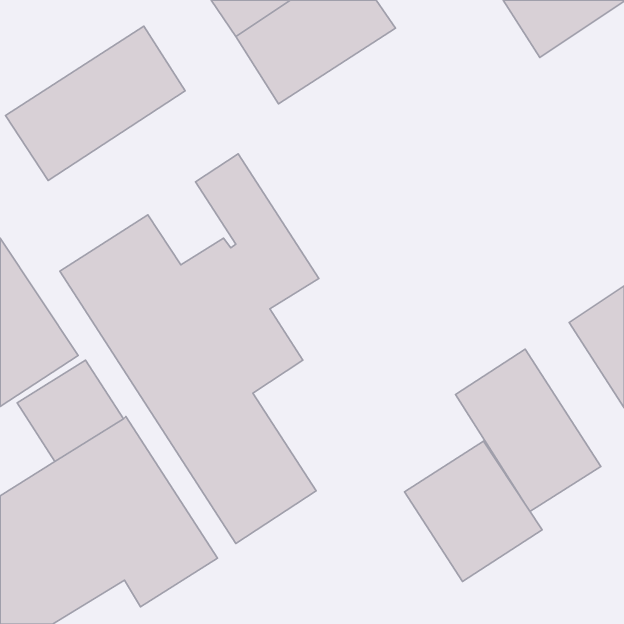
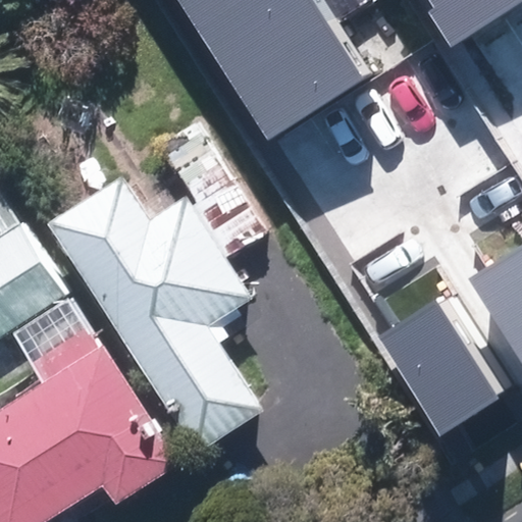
building: [6,26,185,181] -> none
building: none -> [232,23,365,140]
building: [405,441,542,582] -> none

